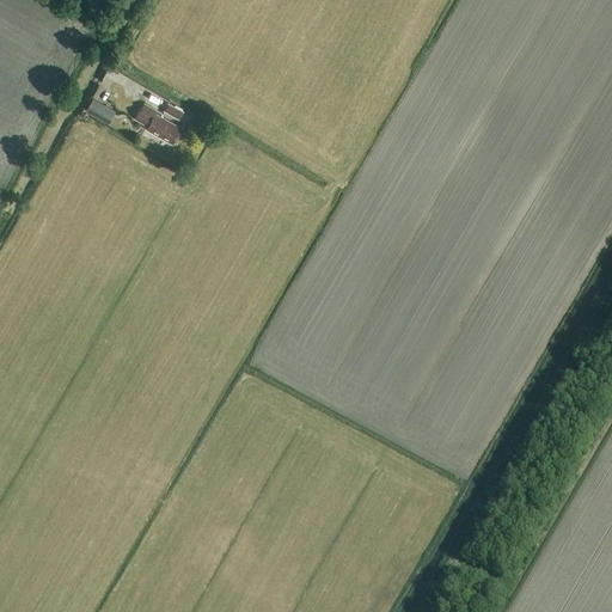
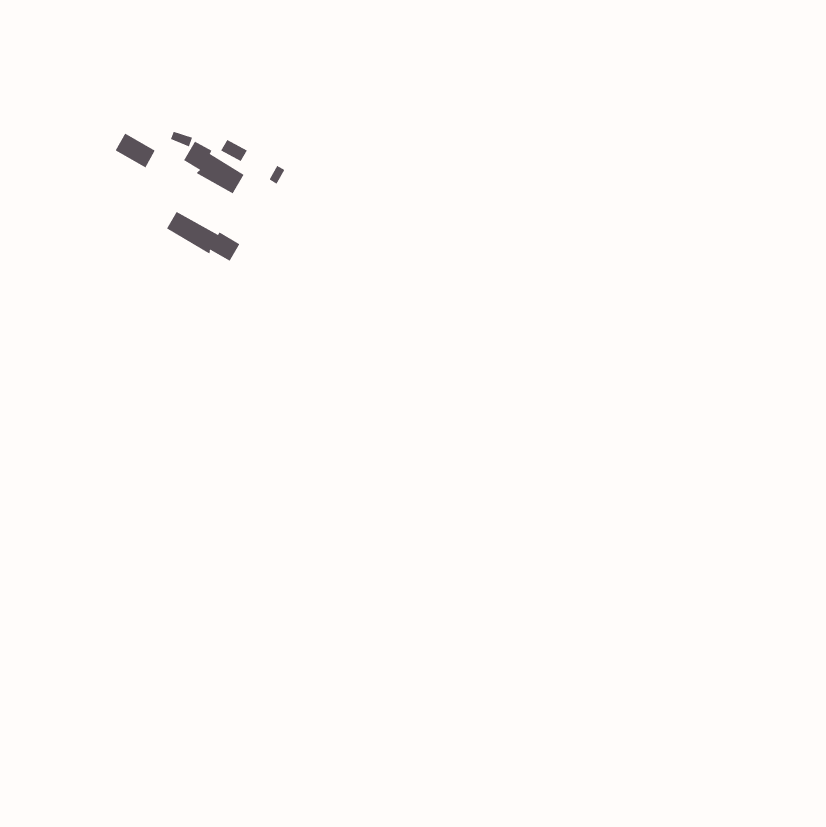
building: none -> [166,211,240,262]

